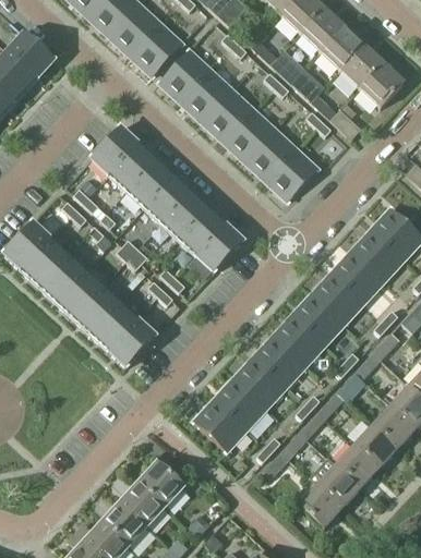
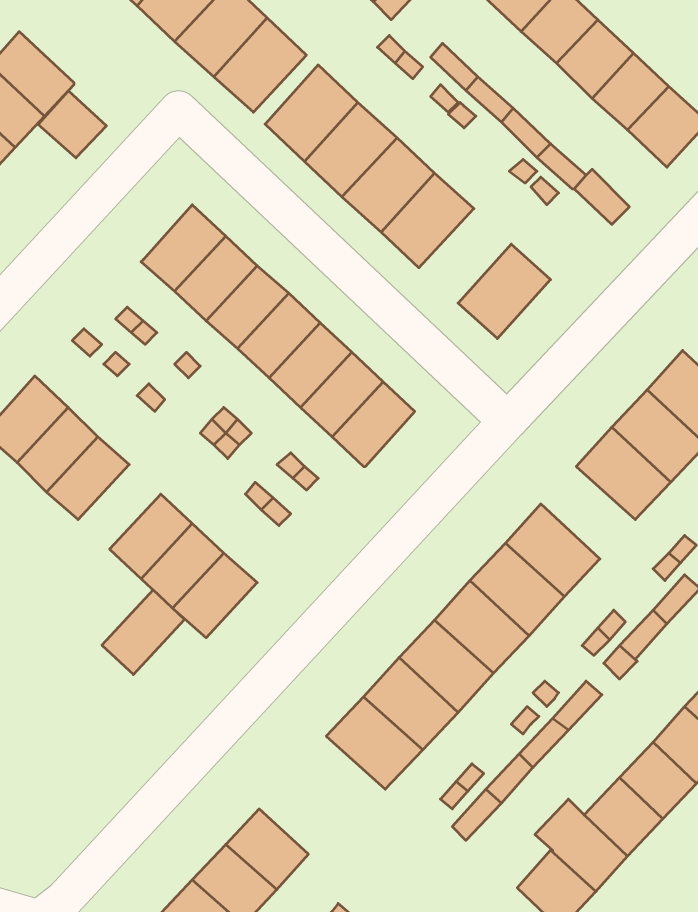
building: none -> [38,91,106,158]
building: [244,129,296,181] -> none
building: [56,270,101,317] -> [102,590,185,675]
building: [312,271,364,323] -> none

